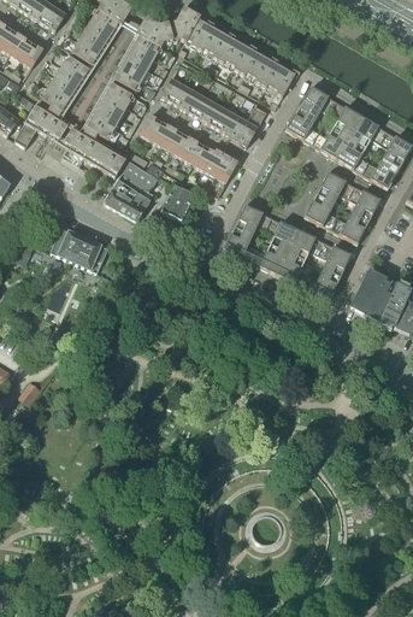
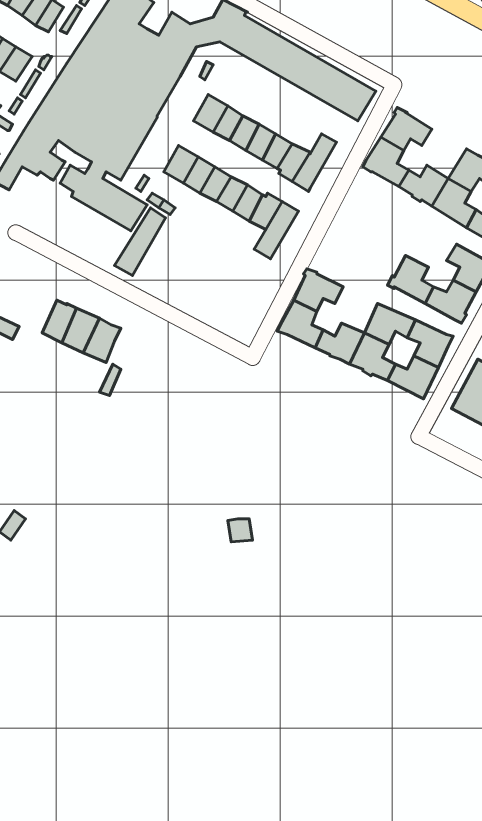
building: [329,101,361,137] -> none
building: [117,160,164,221] -> none
building: [317,171,354,202] -> none
building: [161,178,191,221] -> none
building: [265,217,296,251] -> none

